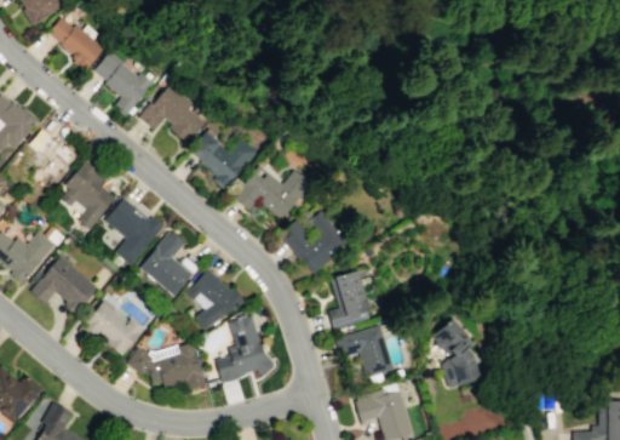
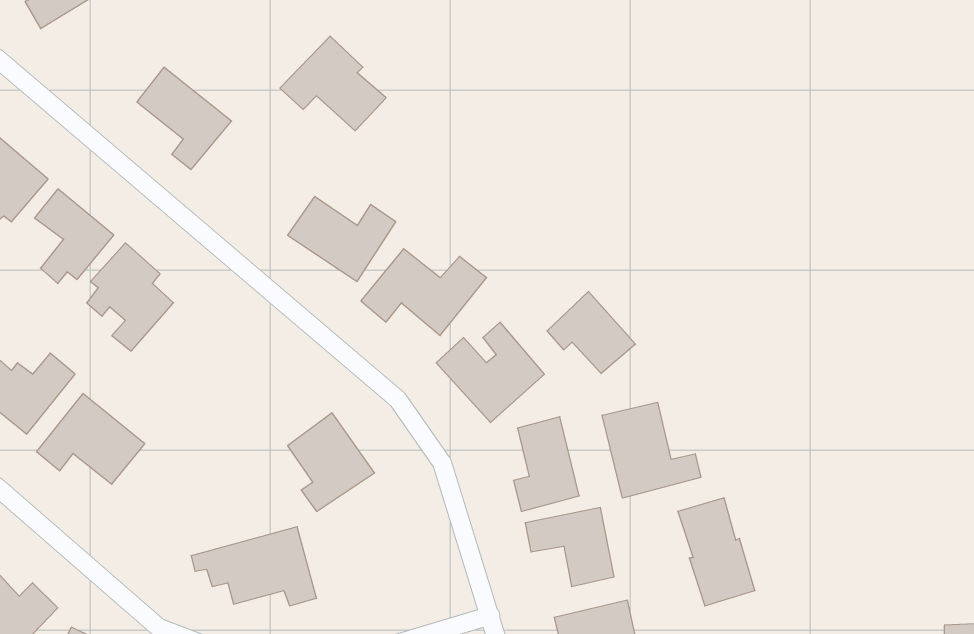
building: [48,17,107,73] -> none
building: [139,84,206,143] -> [280,36,386,131]
building: none -> [547,291,636,374]
building: [105,198,162,265] -> none
building: [140,232,194,297] -> none
building: none -> [602,402,701,498]
building: [82,301,144,356] -> none
building: [218,318,275,385] -> none

